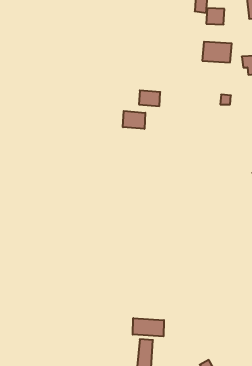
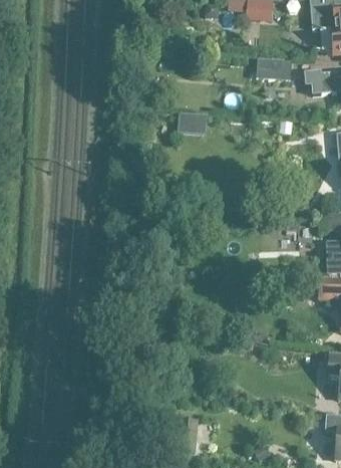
building: [123,111,145,129] -> none
building: [133,318,164,336] -> none

